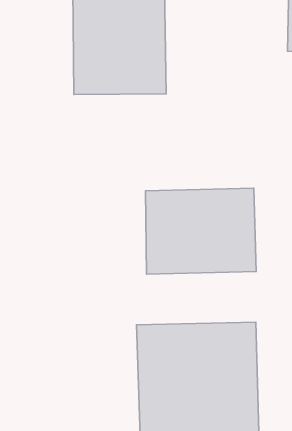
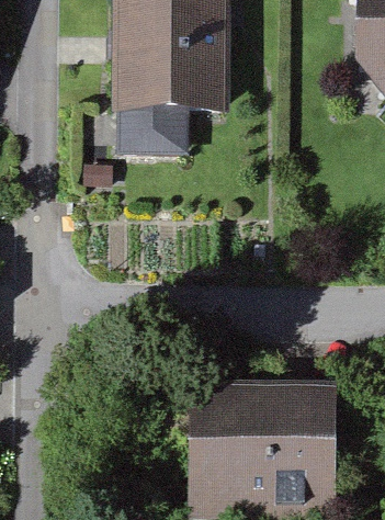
building: [145,188,256,274] -> none

